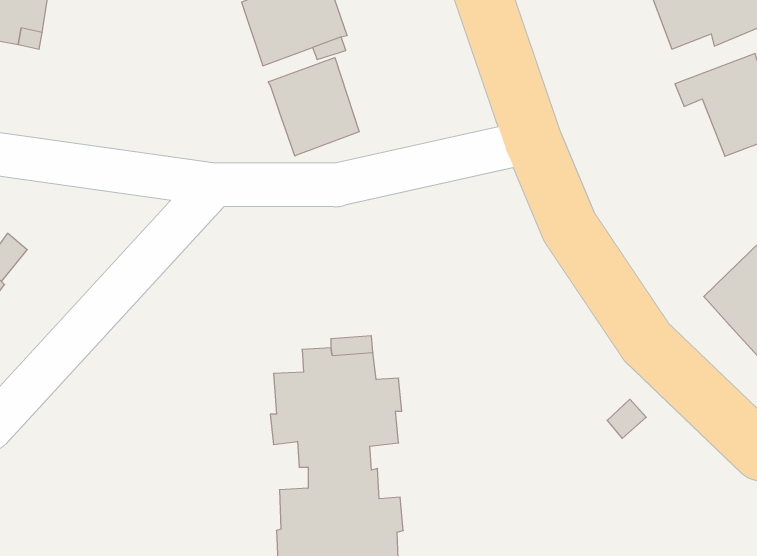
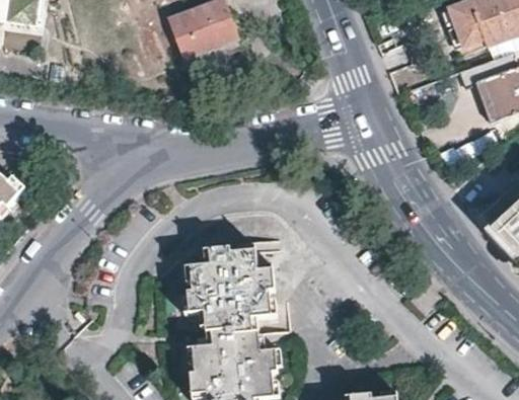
building: [268,58,359,156] -> none

